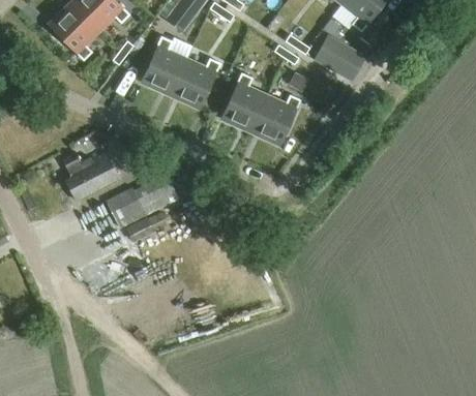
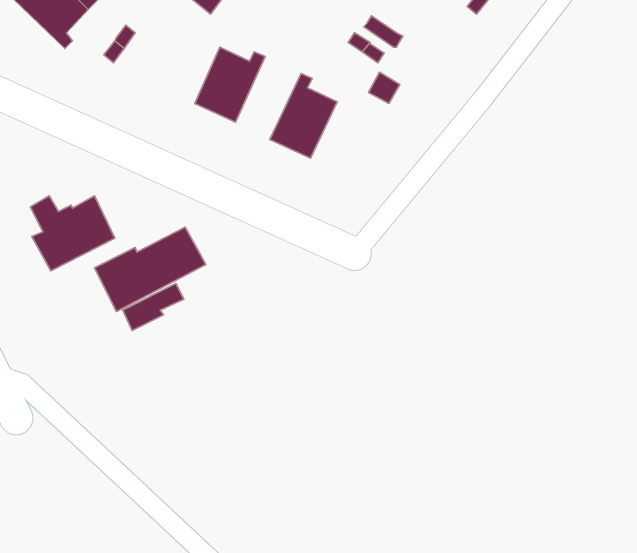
building: [313,33,366,82] -> none
building: [144,35,188,91] -> none
building: [248,90,296,140] -> none

